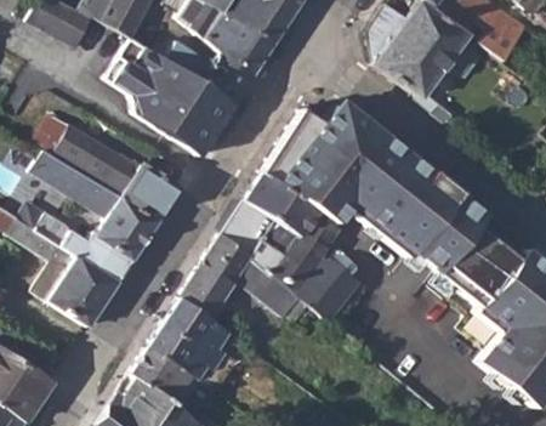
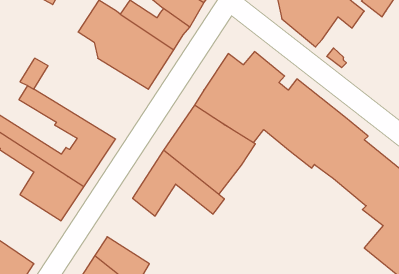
building: [75,143,181,220] -> none
building: [292,255,359,322] -> none
building: [148,296,271,387] -> none

